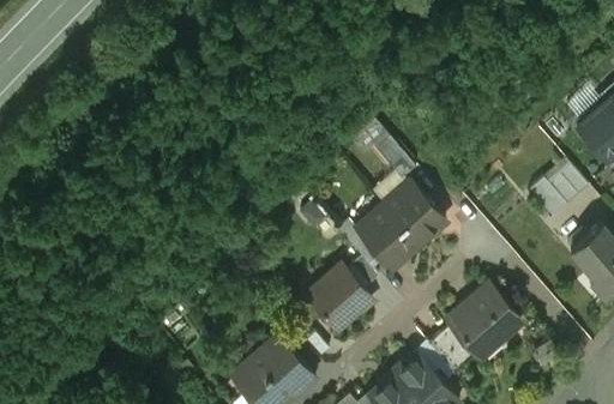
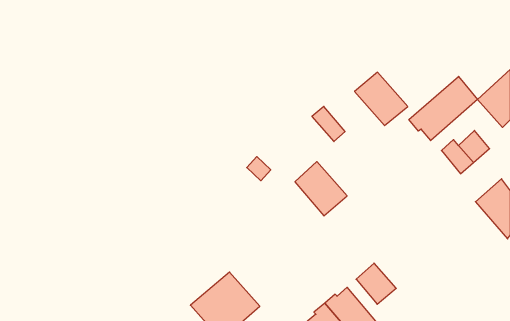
building: none -> [409,76,477,141]
building: [381,180,445,243] -> [355,72,408,126]
building: [313,264,368,327] -> none
building: [450,284,517,354] -> none

